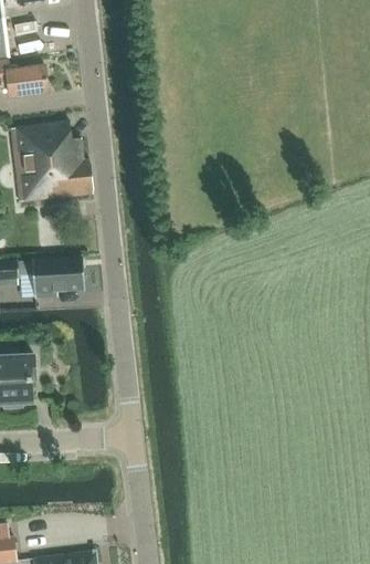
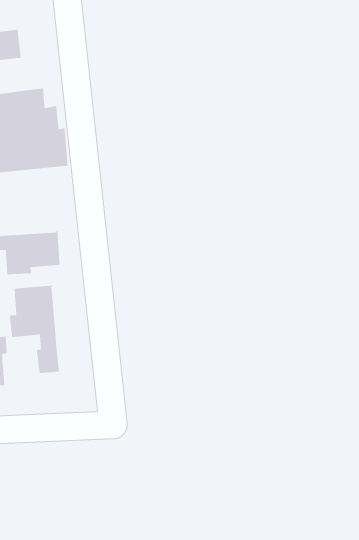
building: none -> [9,285,60,374]

